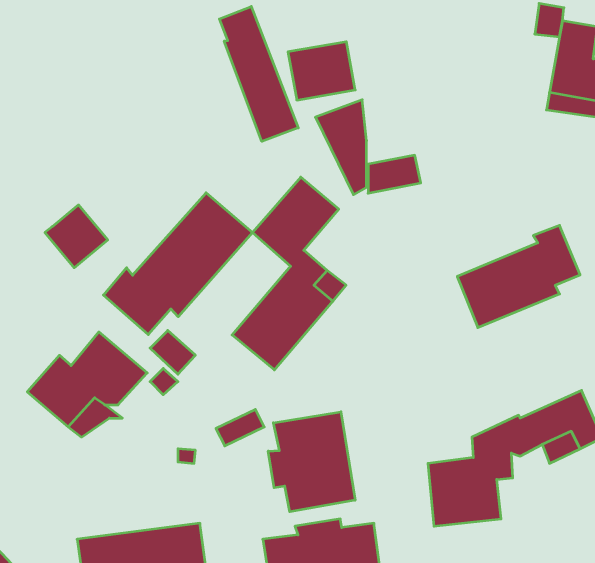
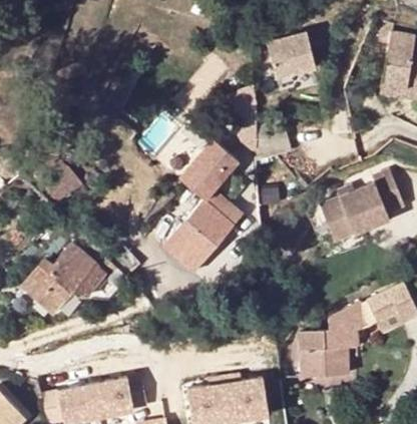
building: [219,6,298,141] -> none
building: [288,42,355,100] -> [270,29,316,69]
building: [103,193,253,335] -> none
building: [268,412,355,512] -> none

